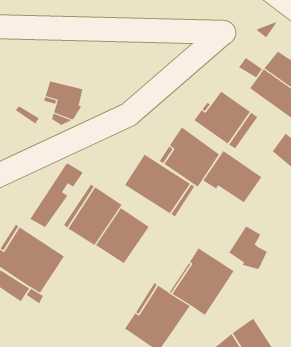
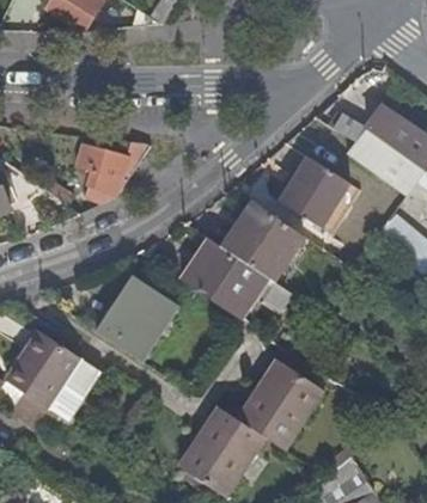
building: [203,150,262,203] -> none
building: [29,162,83,228] -> none
building: [95,207,149,264] -> none
building: [228,225,267,270] -> none

